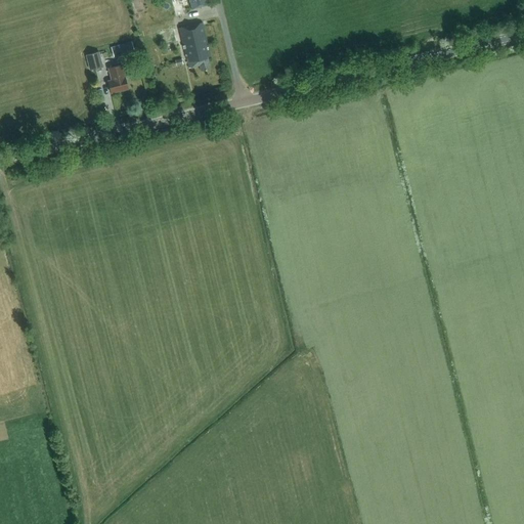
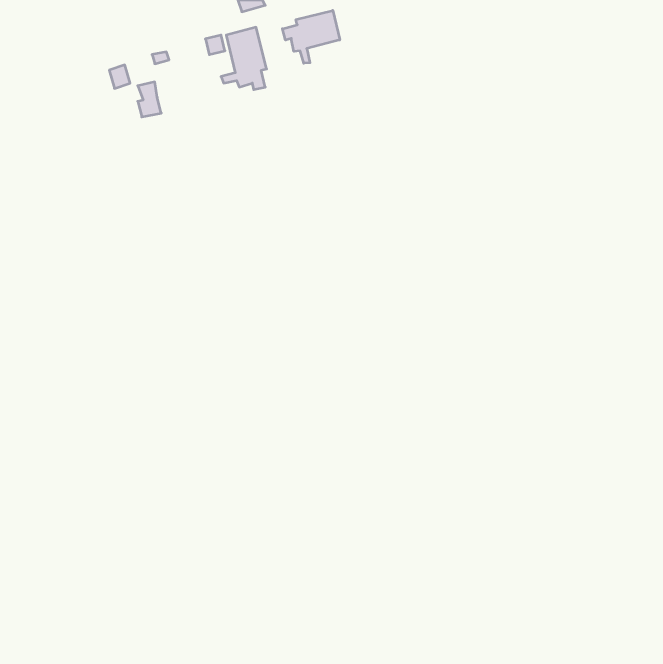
building: none -> [282,10,340,63]

